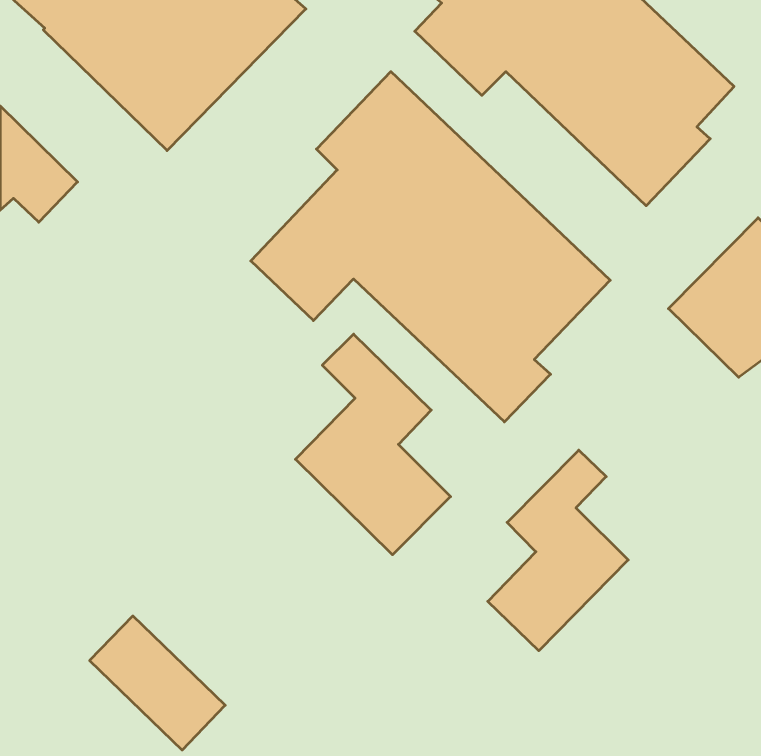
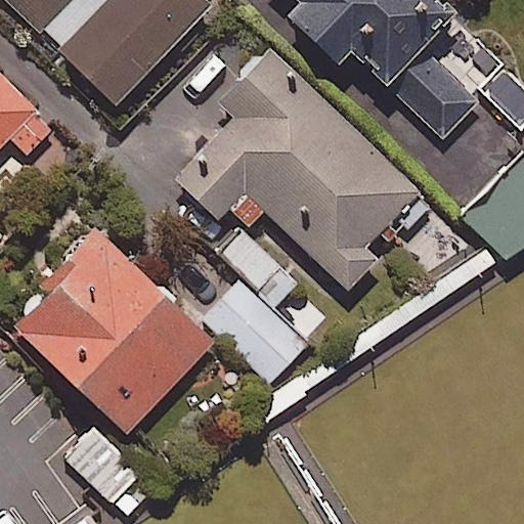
building: none -> [9,232,213,435]
building: [488,450,628,651] -> none

